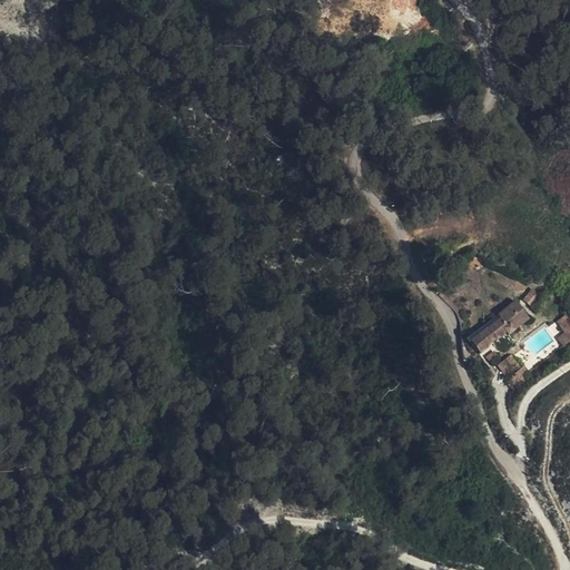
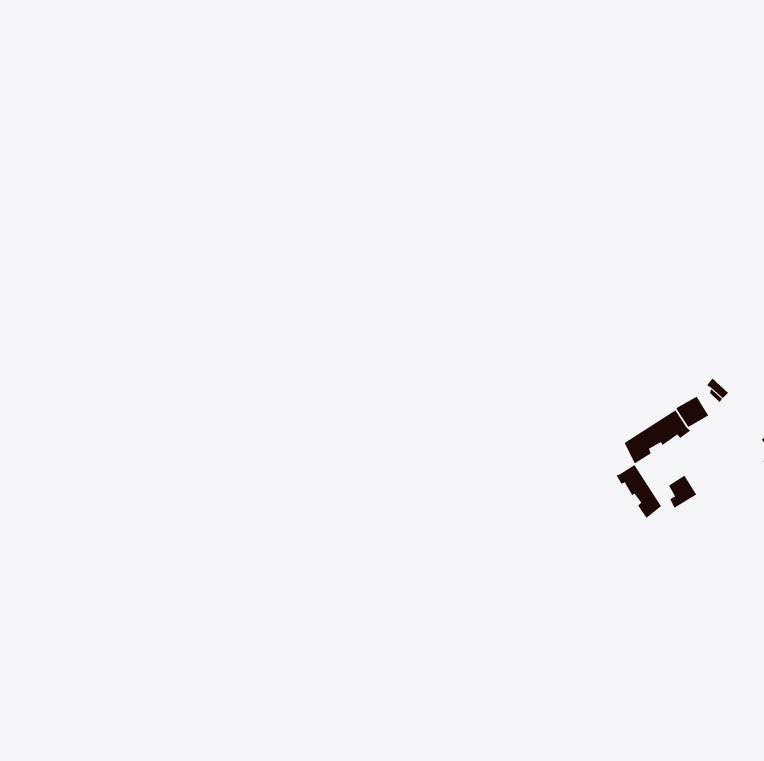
building: none -> [616,464,662,519]

